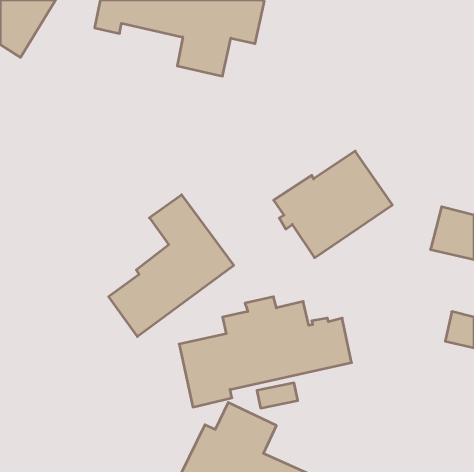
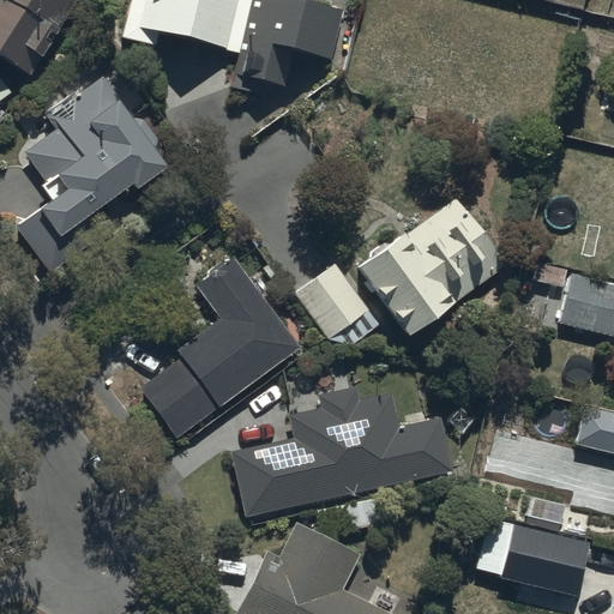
building: none -> [14,62,165,271]
building: none -> [294,265,378,345]
building: none -> [498,523,584,591]

